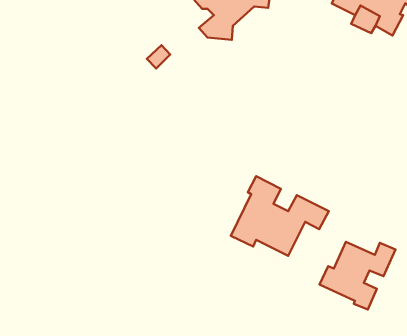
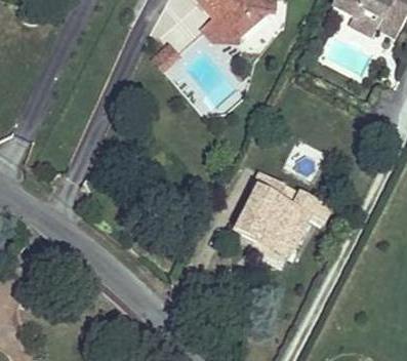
building: [320,242,396,310] -> none

